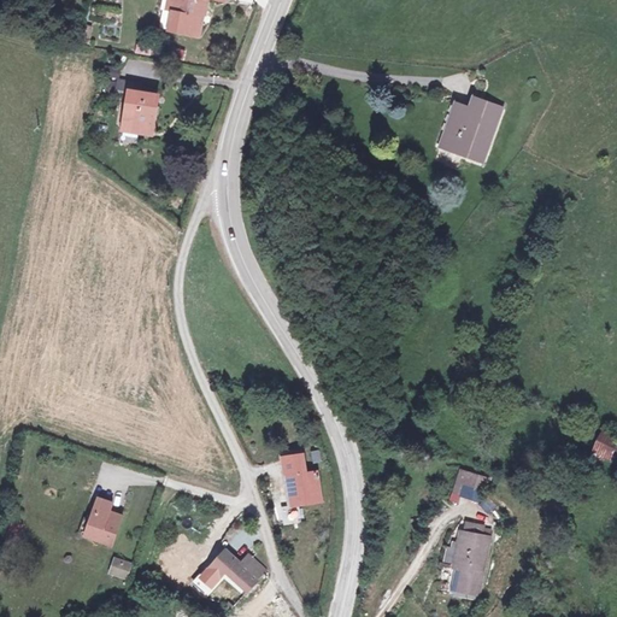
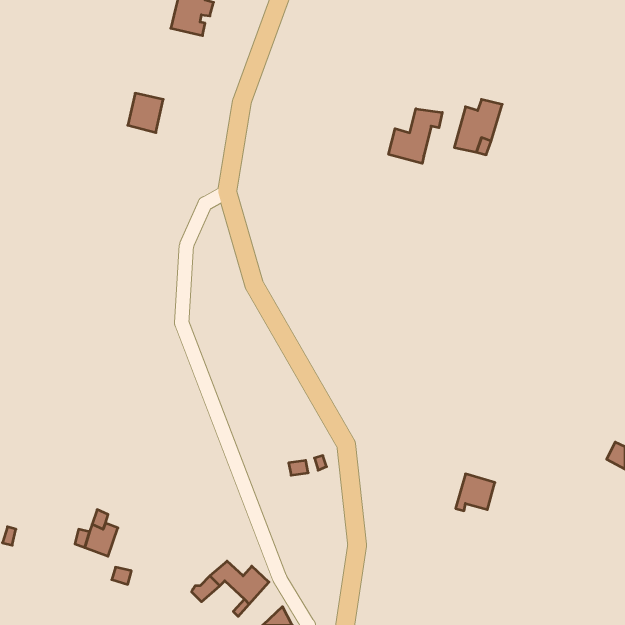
building: none -> [389,109,442,163]
building: [288,476,322,517] -> none
building: [449,535,488,598] -> none

